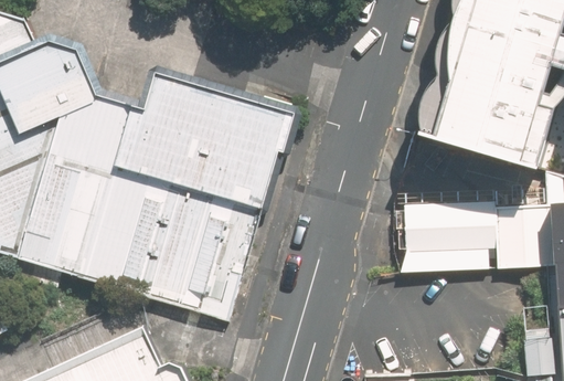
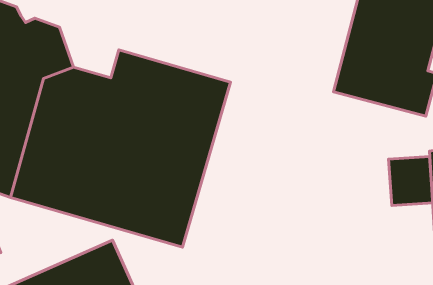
building: [400,200,494,256] -> none

